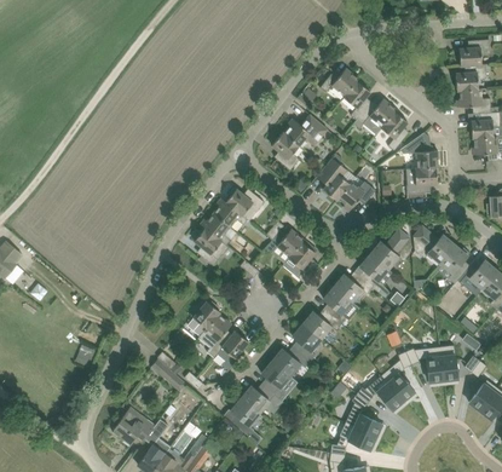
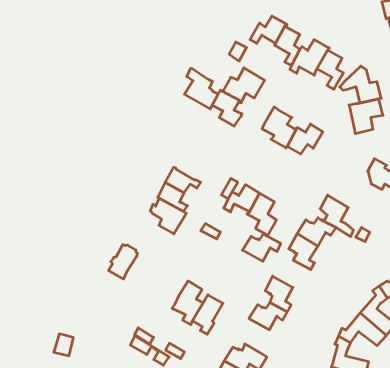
building: none -> [184,68,218,109]
building: [226,188,265,220] -> none
building: [370,229,411,269] -> none
building: [189,300,220,334] -> [109,245,138,279]
building: [302,311,341,338] -> [242,234,281,261]
building: [261,361,290,398] -> none

